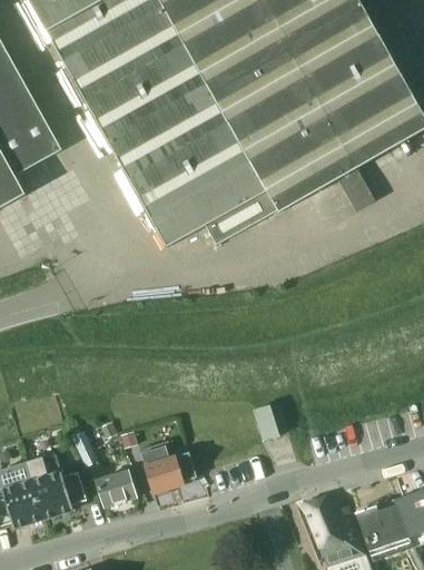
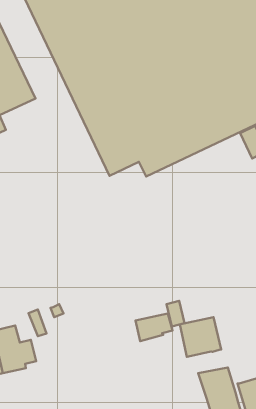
building: none -> [179,317,221,357]
building: [145,454,195,493] -> [135,314,173,341]
building: [97,471,136,507] -> none

